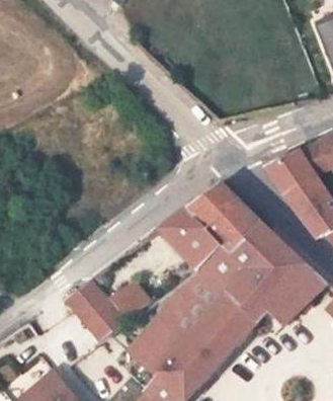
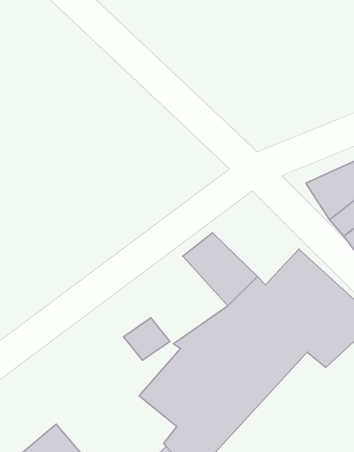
building: [185,182,259,252] -> none
building: [63,278,127,339] -> none

